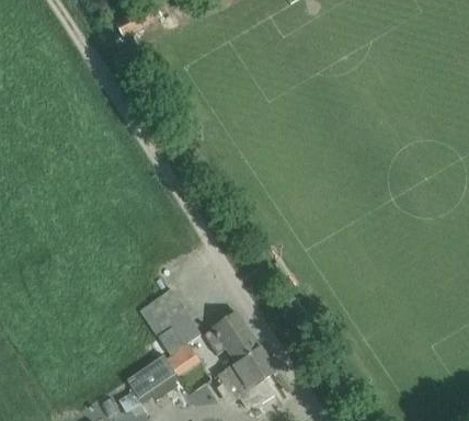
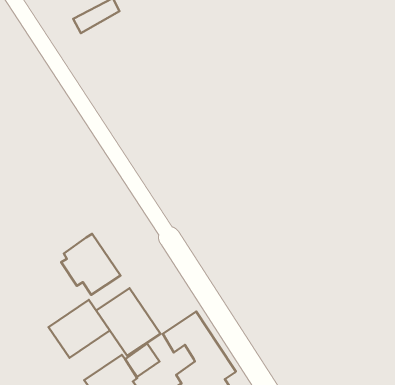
building: none -> [61,234,121,295]
building: none -> [48,300,110,358]

